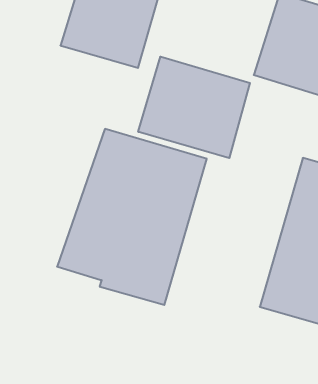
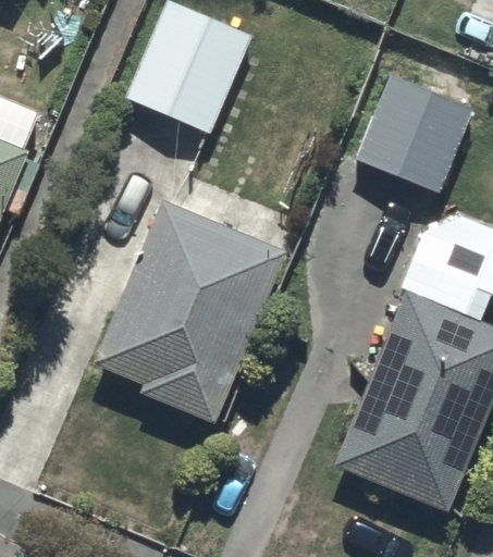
building: [138,57,250,158] -> none

